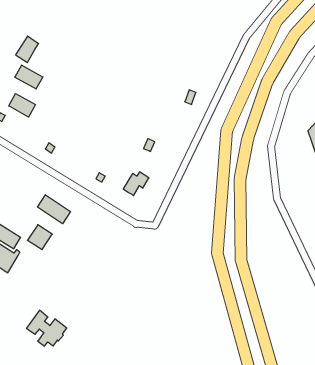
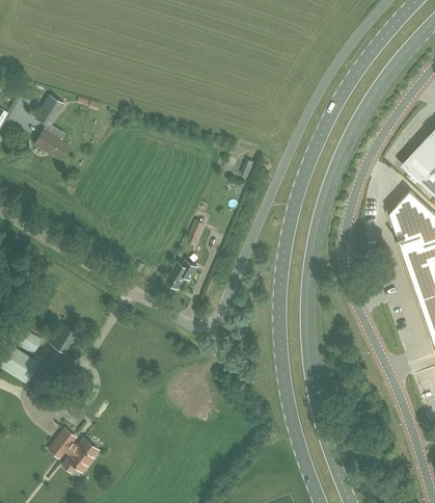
building: [9,94,35,117] -> none
building: [37,195,70,224] -> none

